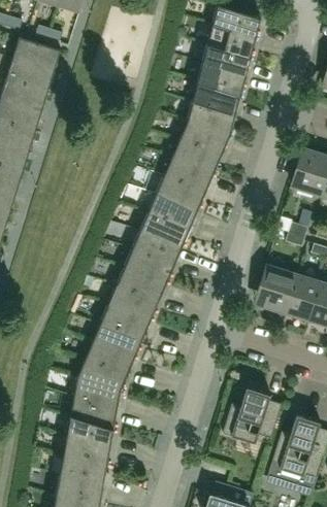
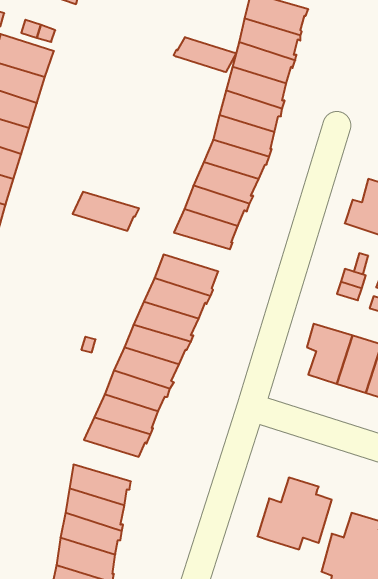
building: none -> [174,37,236,72]
building: [148,193,200,224] -> [73,192,139,231]
building: [76,357,128,390] -> none

